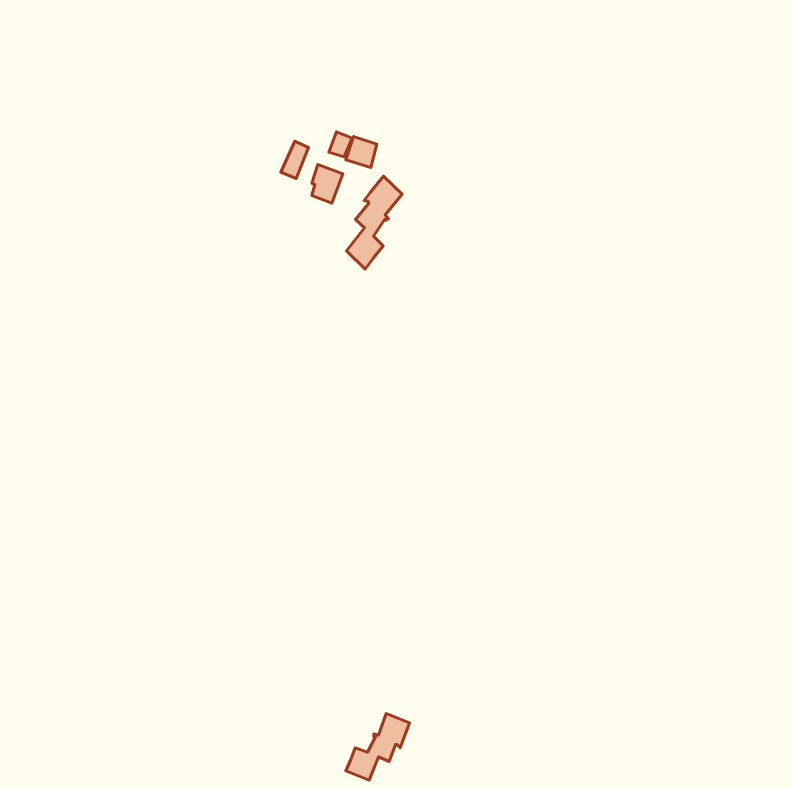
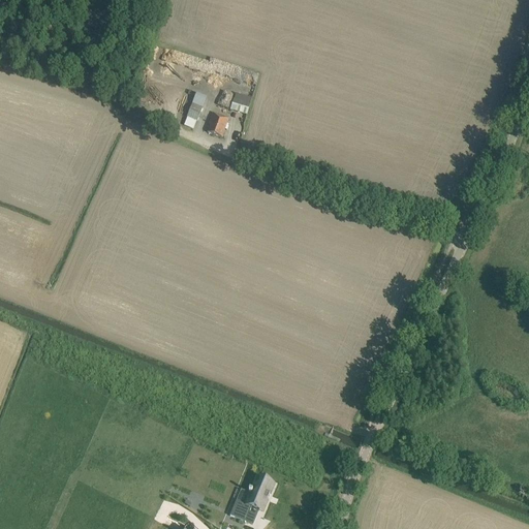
building: [346,176,402,269] -> none

